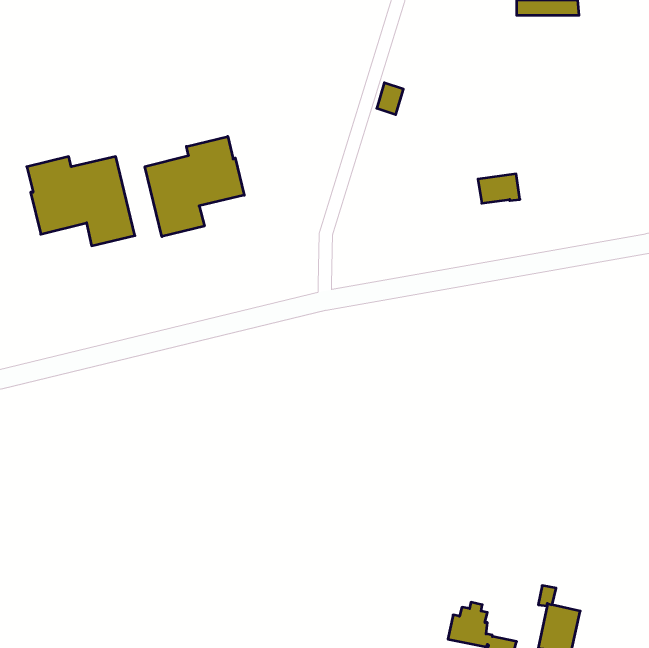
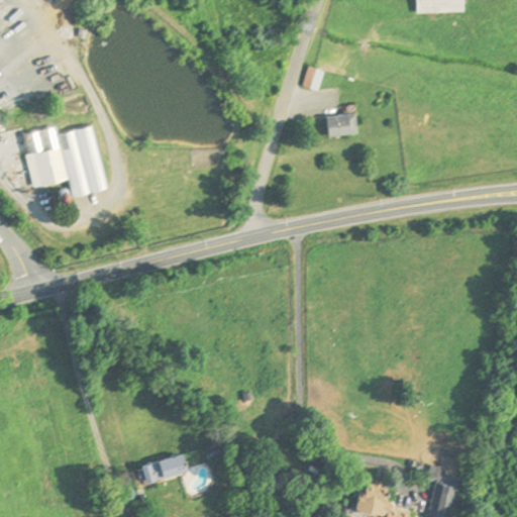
building: [145,136,244,237] -> none
building: [478,174,520,203] -> [326,114,359,137]
building: none -> [137,453,188,484]

